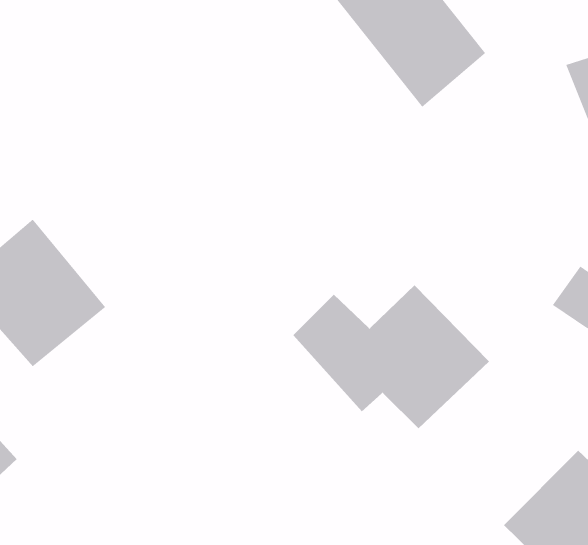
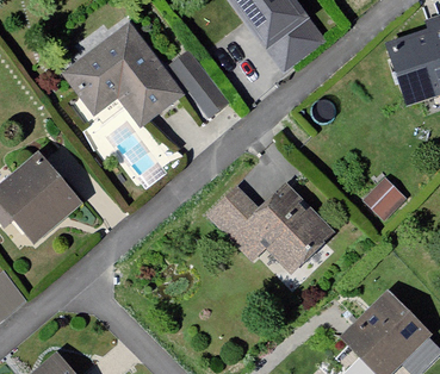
building: none -> [62,14,230,126]

